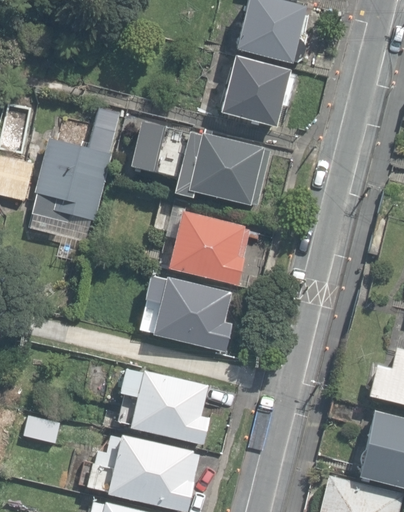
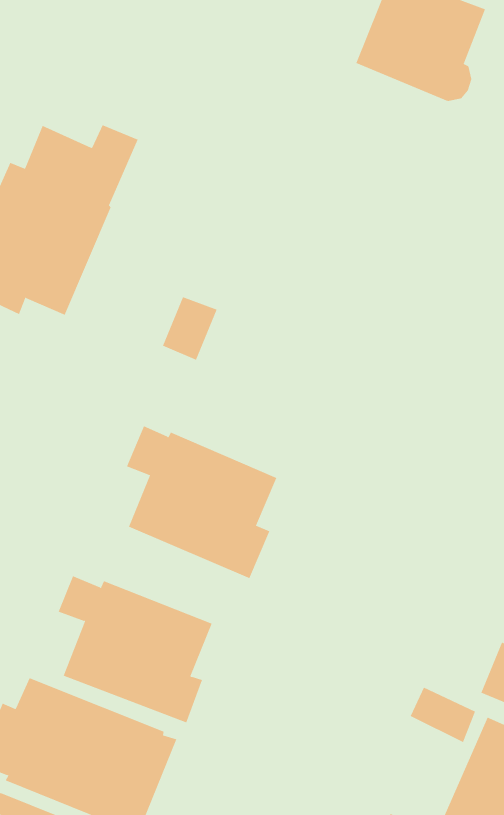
building: [221,56,291,127] -> none
building: [132,121,273,208] -> none
building: [169,212,251,285] -> none

